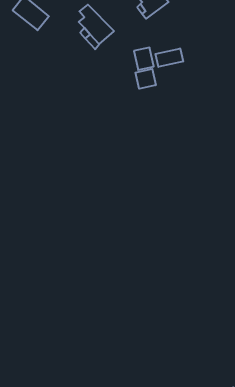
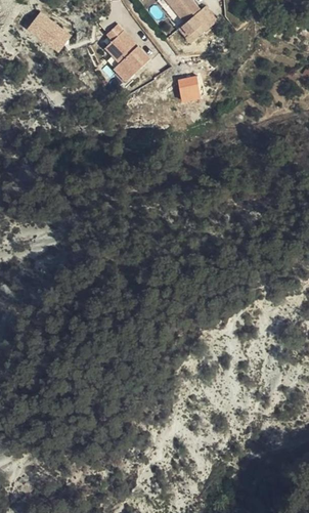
building: [155,48,183,67] -> none
building: [135,69,156,89] -> none

